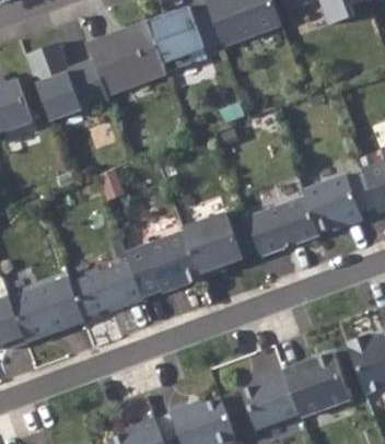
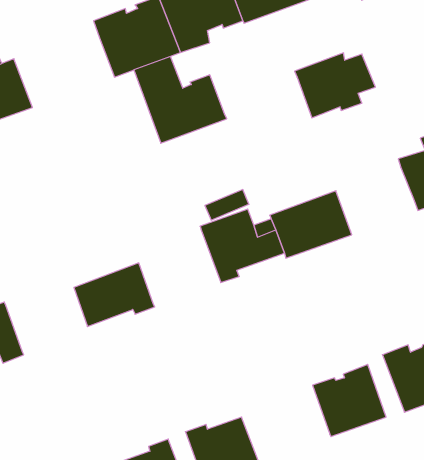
building: [25,43,108,120] -> [134,56,227,143]
building: [302,174,374,232] -> [295,53,375,118]
building: [125,231,201,297] -> none
building: [9,277,84,340] -> none
building: [241,370,299,430] -> none

